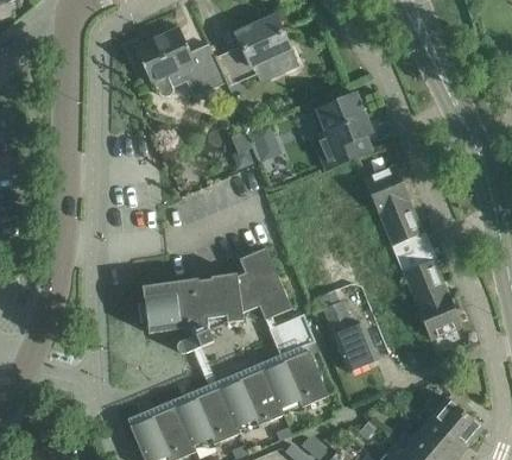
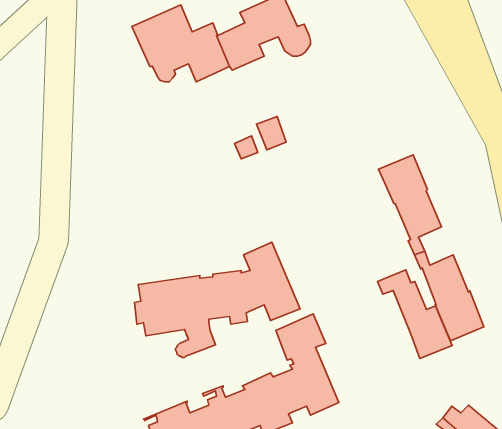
building: [314,92,372,168] -> none
building: [309,289,378,371] -> [378,270,452,358]

